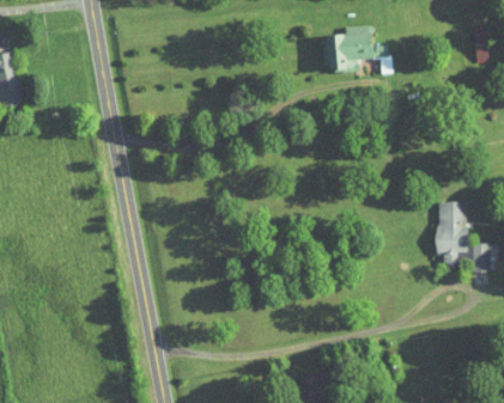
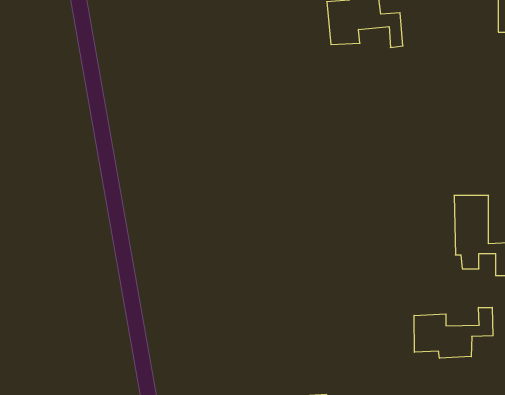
building: none -> [414,307,493,358]

